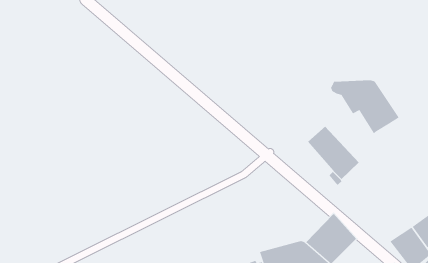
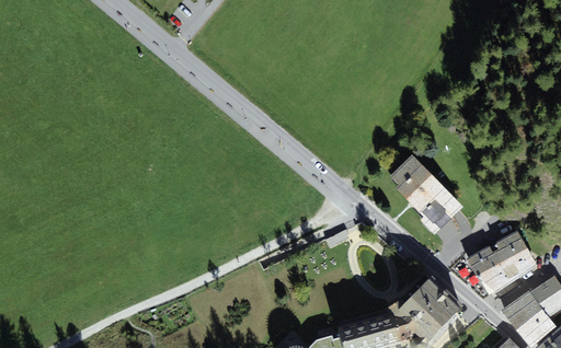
building: [330,80,400,134] -> none
building: none -> [469,232,542,297]

